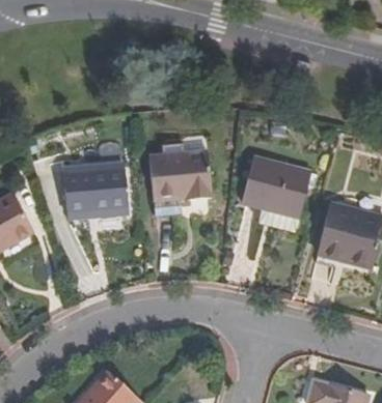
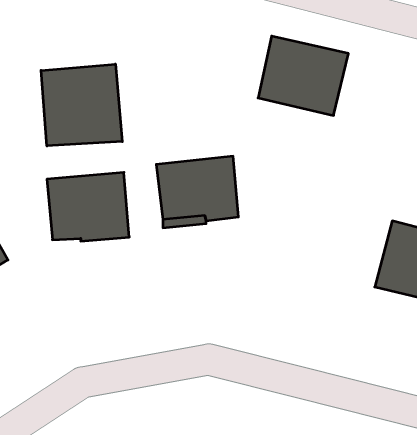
building: none -> [41,64,122,146]
building: [241,157,310,219] -> [258,36,348,115]

